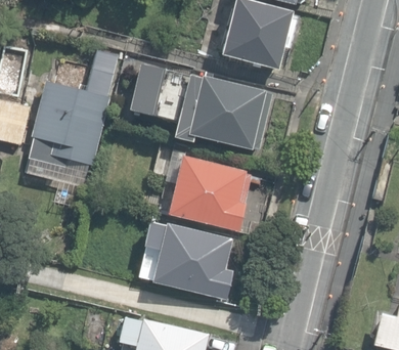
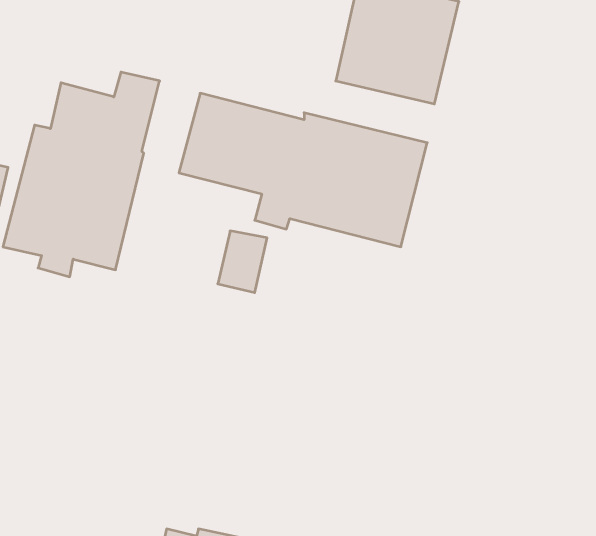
building: [169,157,253,231] -> none
building: [144,222,234,301] -> none

